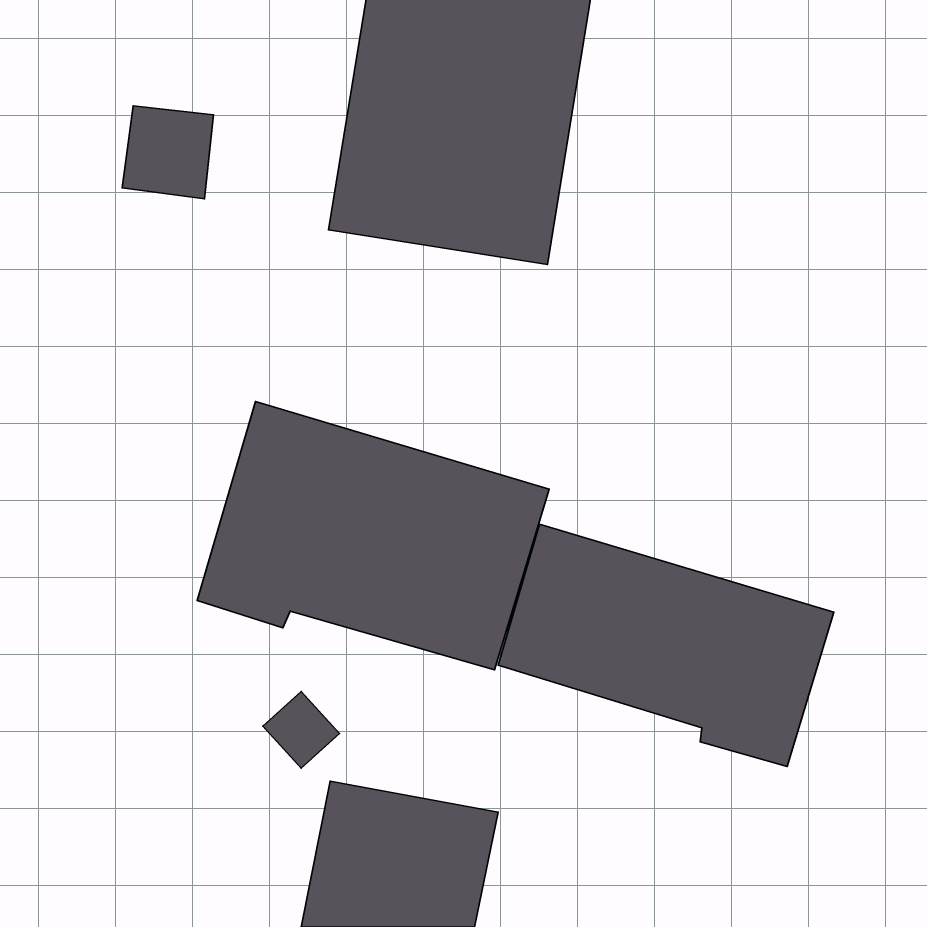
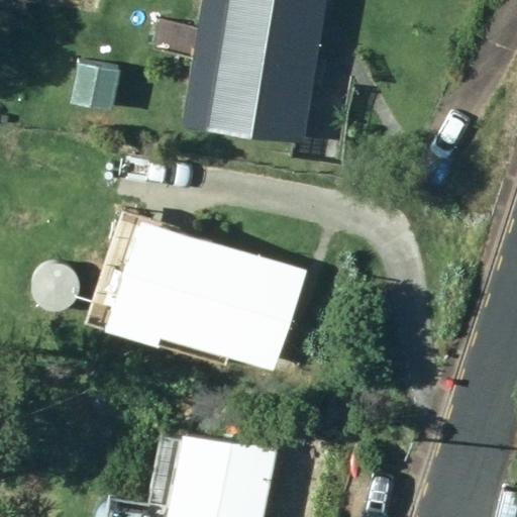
building: [498,524,834,766] -> none

